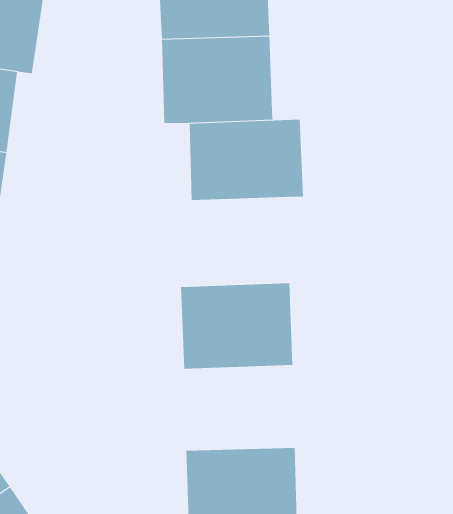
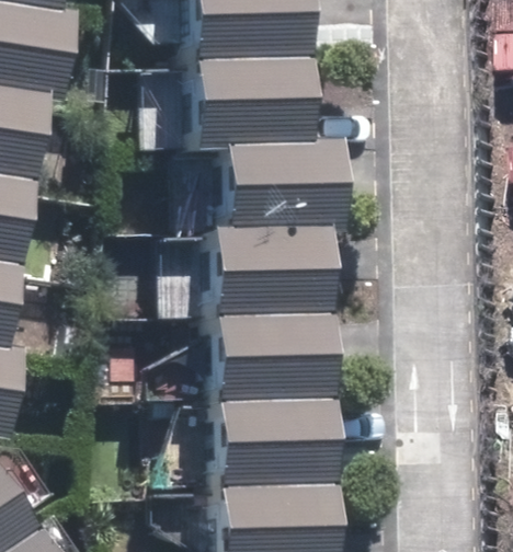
building: none -> [215,220,332,313]
building: none -> [221,394,338,483]

